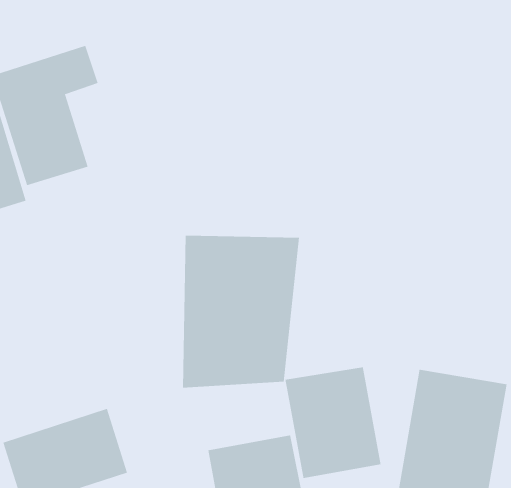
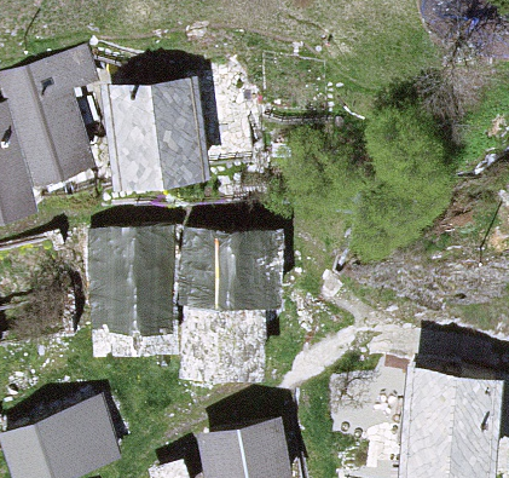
building: none -> [100,79,195,189]
building: none -> [91,234,179,355]
building: [285,366,381,479] -> none

